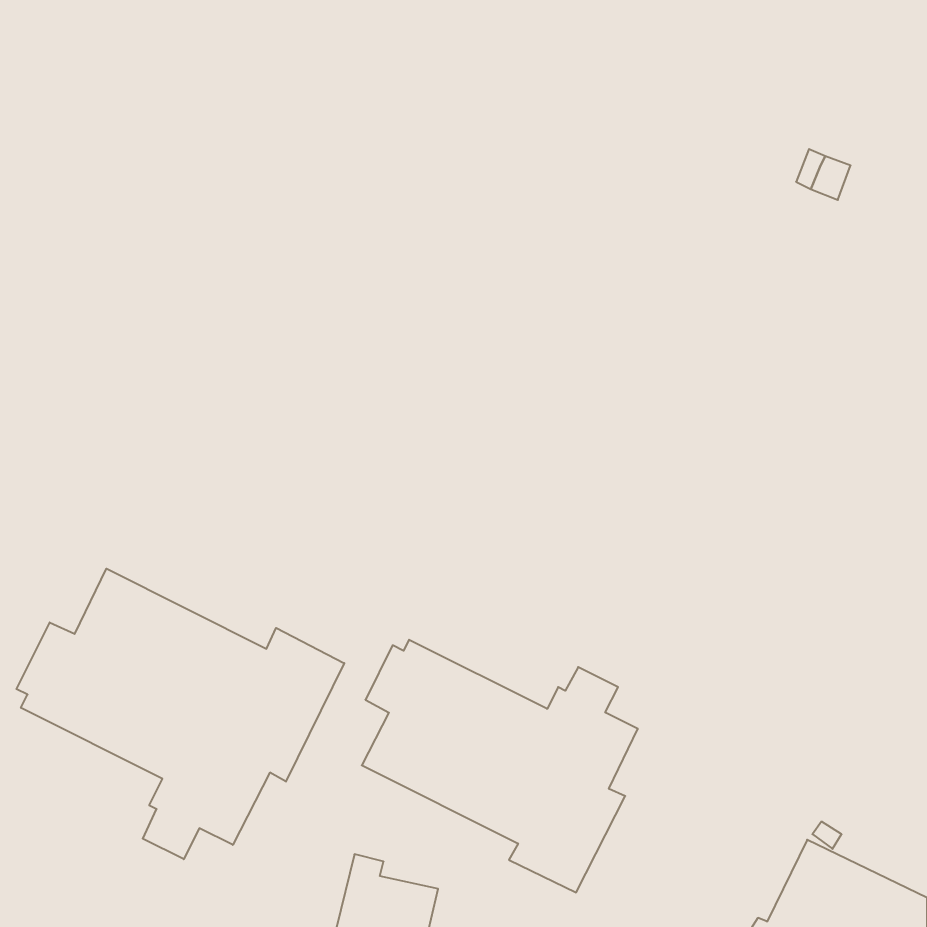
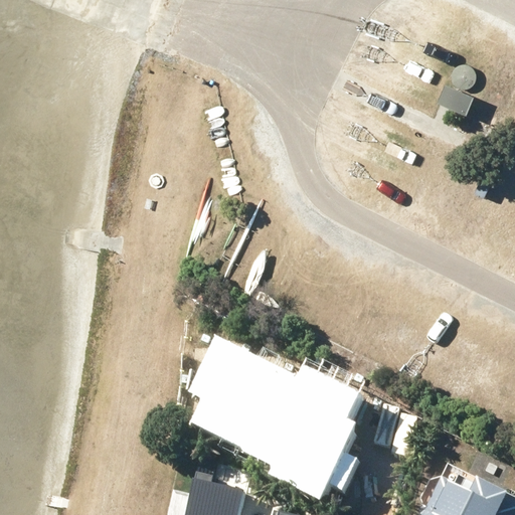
building: [16,569,344,859] -> none

